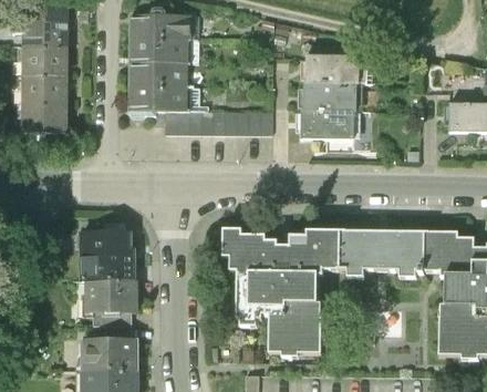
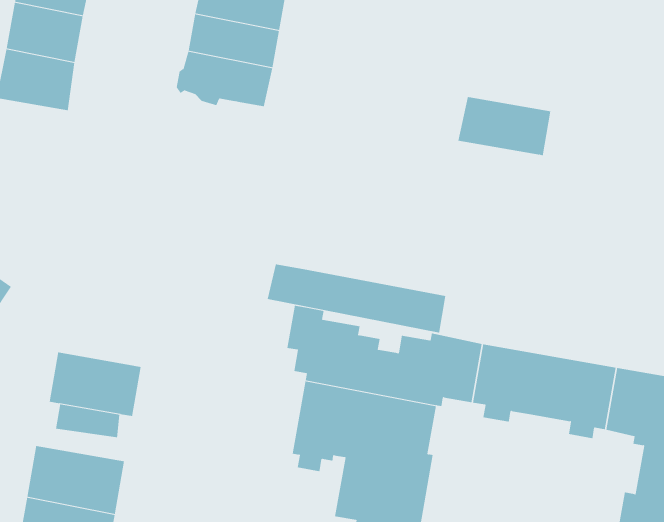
building: [305,55,359,83] -> none
building: [301,110,354,140] -> none
building: [165,111,272,135] -> [267,264,446,333]
building: [81,233,134,280] -> none

